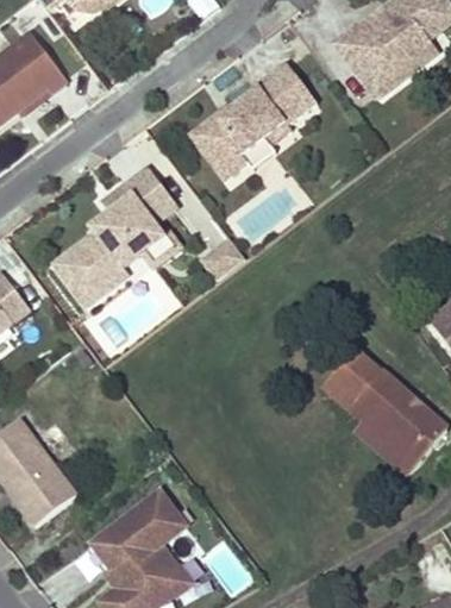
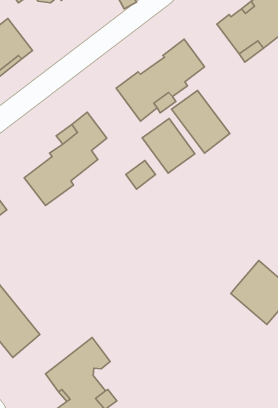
building: none -> [171,90,230,153]
building: none -> [142,119,195,173]
building: [324,350,396,424] -> none

